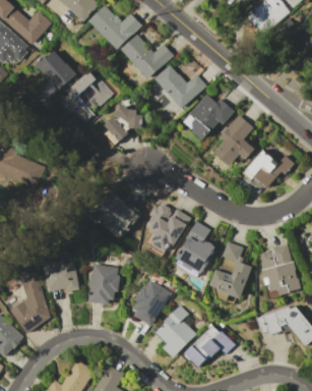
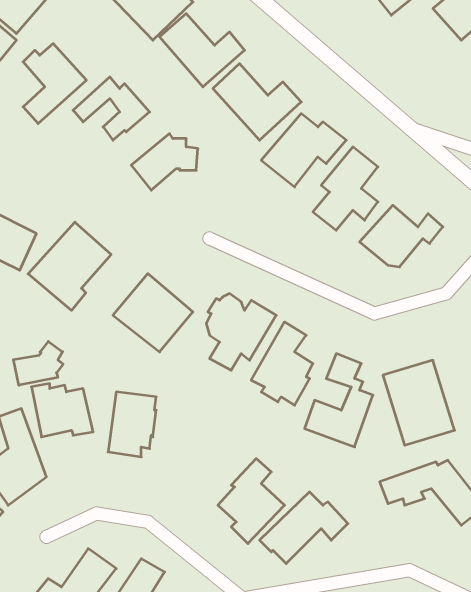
building: none -> [28,222,111,310]
building: none -> [13,341,63,385]
building: [133,280,170,325] -> none

